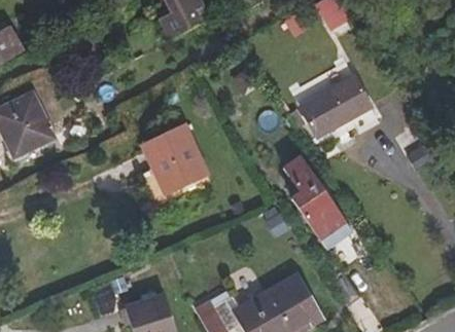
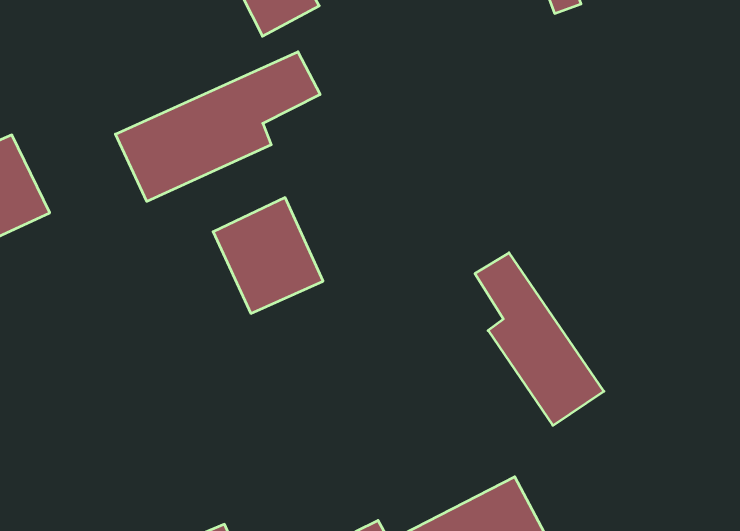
building: none -> [115,52,320,201]
building: [300,78,367,136] -> none

